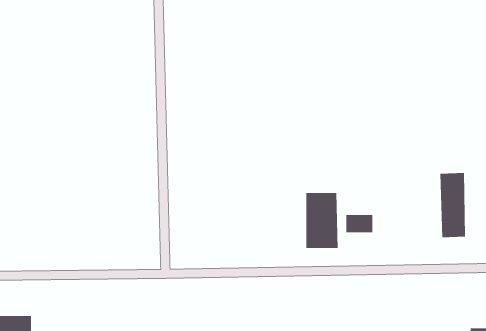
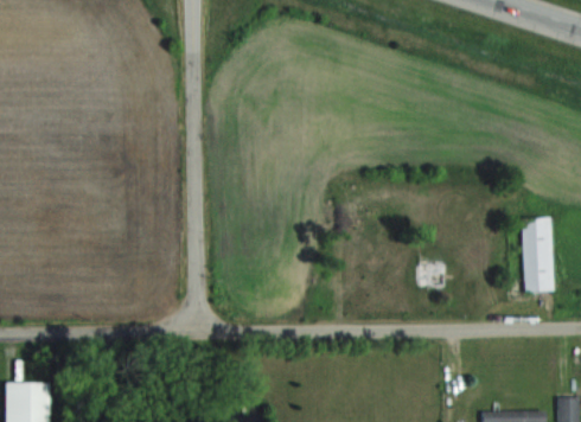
building: [306,192,338,249] -> none

